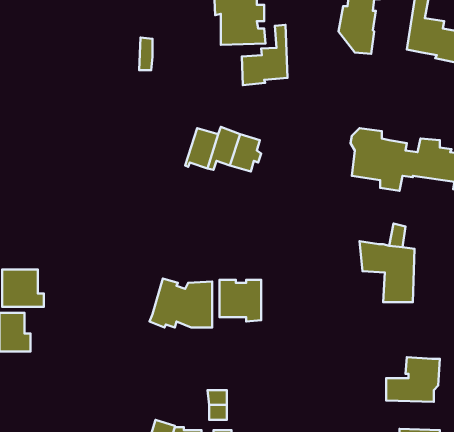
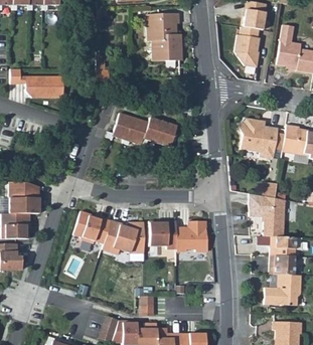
building: [242,25,288,85] -> none
building: none -> [11,68,64,97]
building: none -> [108,113,136,143]
building: none -> [10,181,41,213]
building: none -> [75,210,113,243]
building: none -> [179,220,210,250]
building: none -> [269,235,302,274]

